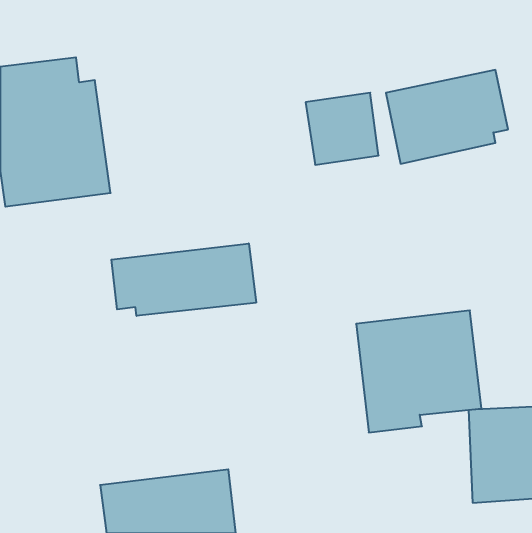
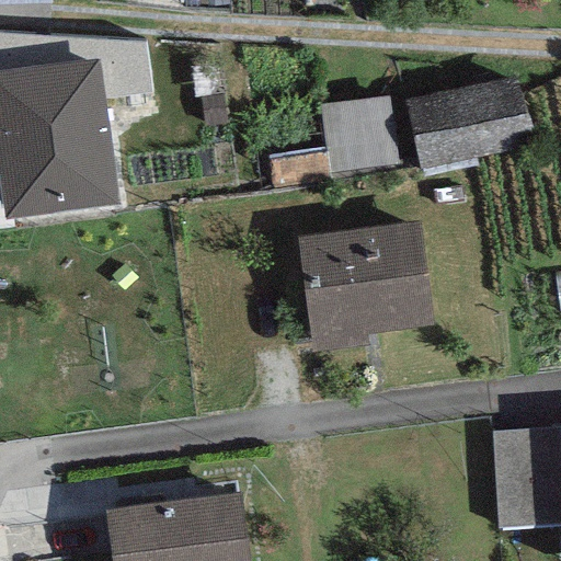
building: [111,243,256,316] -> none
building: [356,310,481,432] -> [299,222,431,351]

